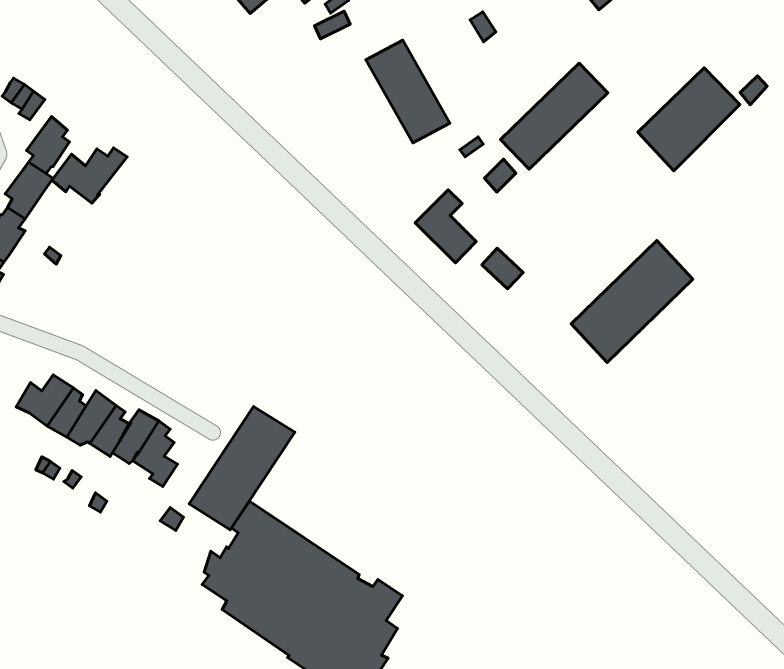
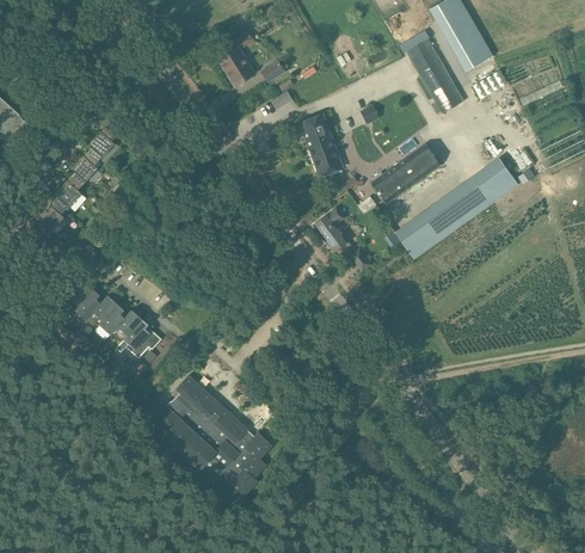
building: [52,148,127,203] -> none
building: [571,241,693,362] -> [395,190,472,258]
building: [189,407,295,530] -> none

